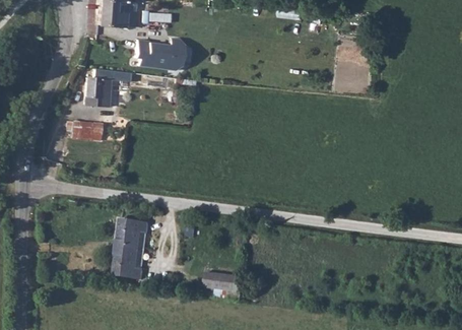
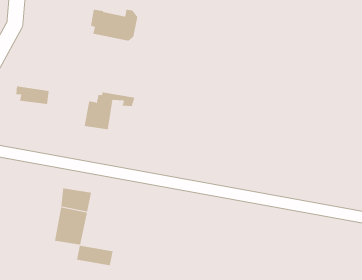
building: [83,68,134,107] -> [84,92,135,130]
building: [202,273,240,292] -> [76,245,113,266]

